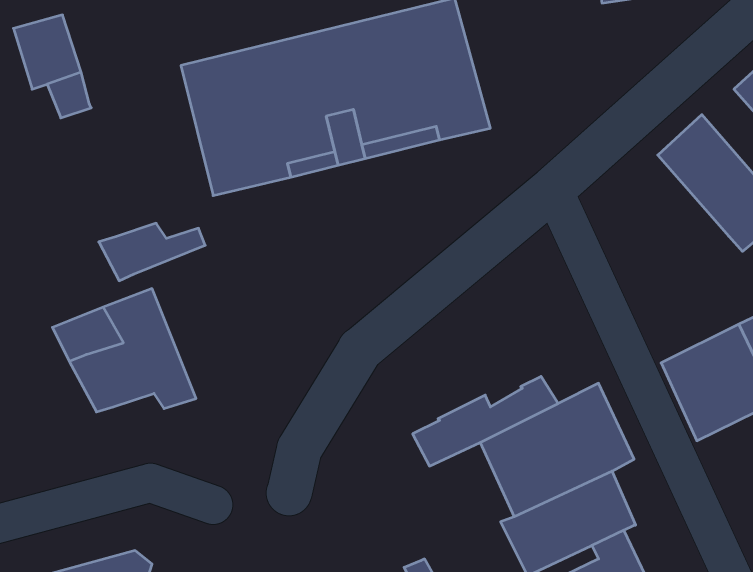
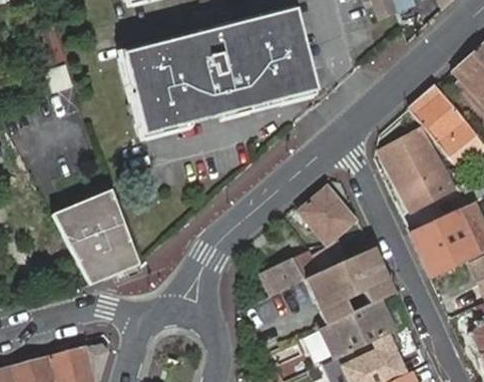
building: none -> [383,128,455,209]
building: [99,223,205,281] -> [76,250,139,284]
building: none -> [300,184,357,242]

